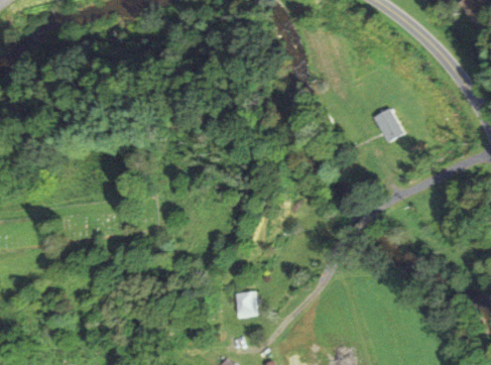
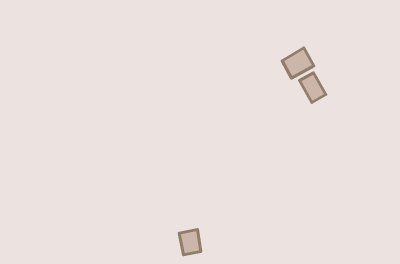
building: none -> [282,48,314,78]

